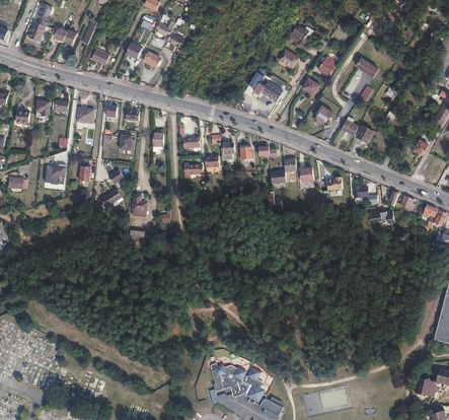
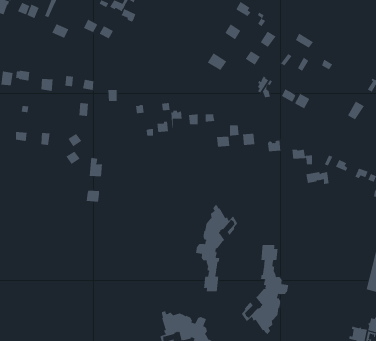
building: none -> [195,204,238,292]
building: none -> [241,244,289,335]

